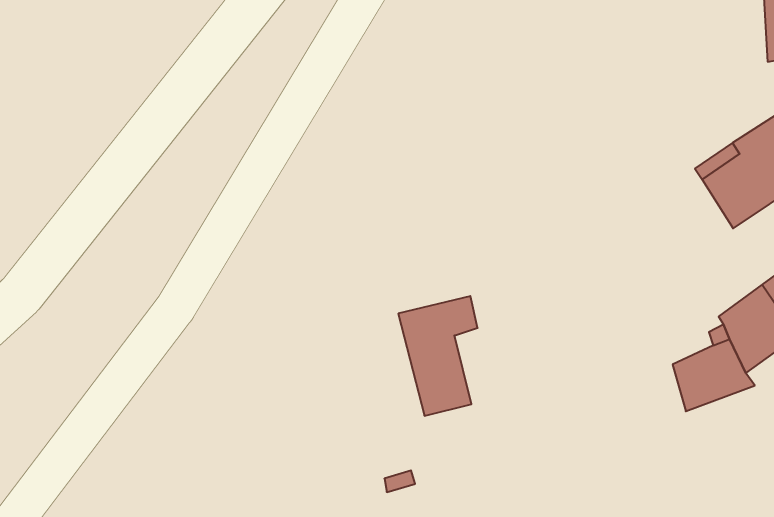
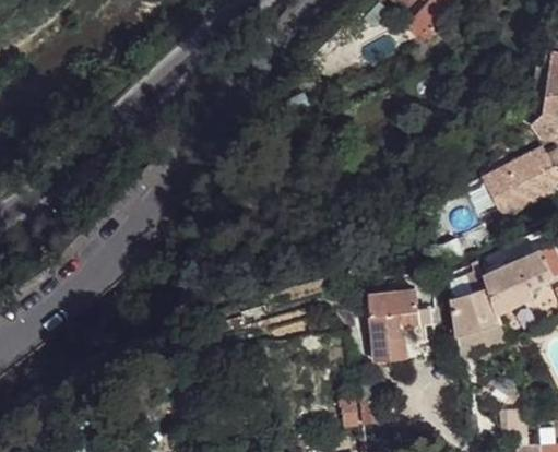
building: [398,296,478,416] -> [369,292,417,361]

